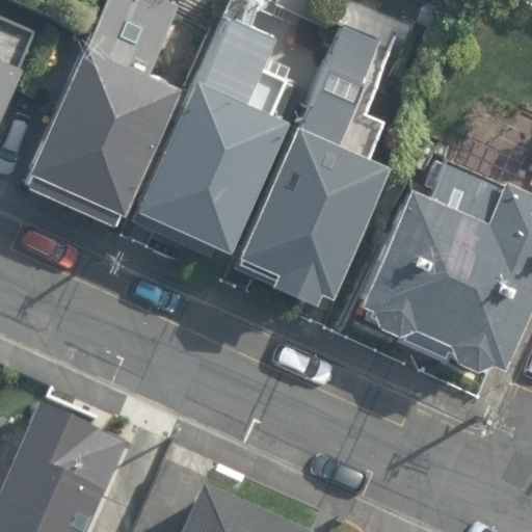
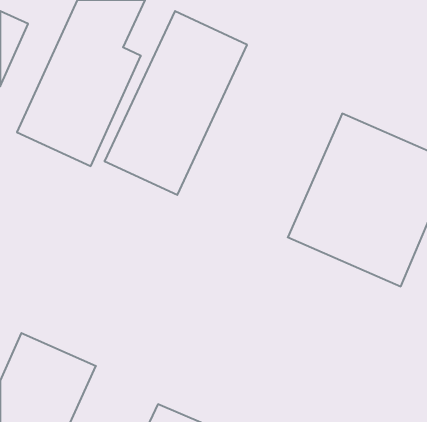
building: [238,32,388,307] -> none

